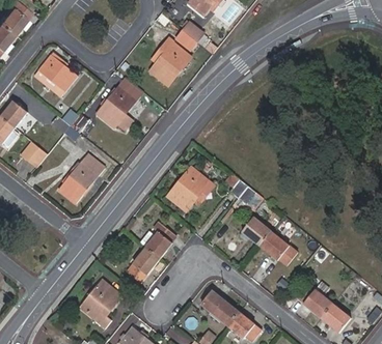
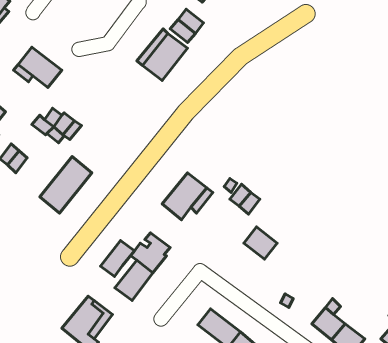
building: [97,86,137,128] -> none
building: none -> [101,241,134,276]
building: [261,231,290,260] -> none

